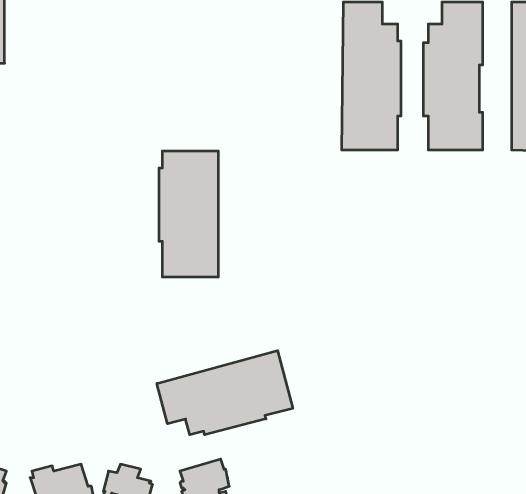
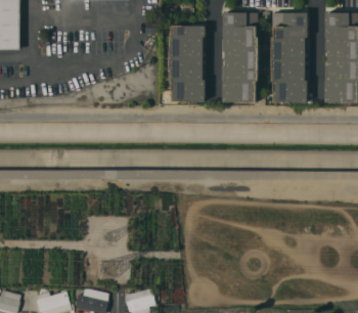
building: [159,151,218,277] -> [169,25,205,100]
building: [157,351,293,435] -> none

